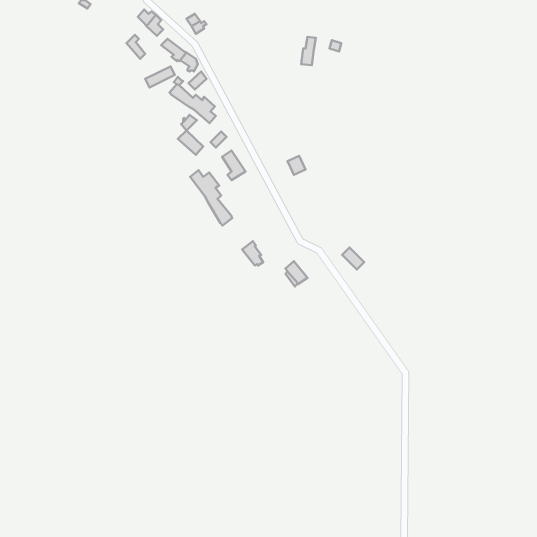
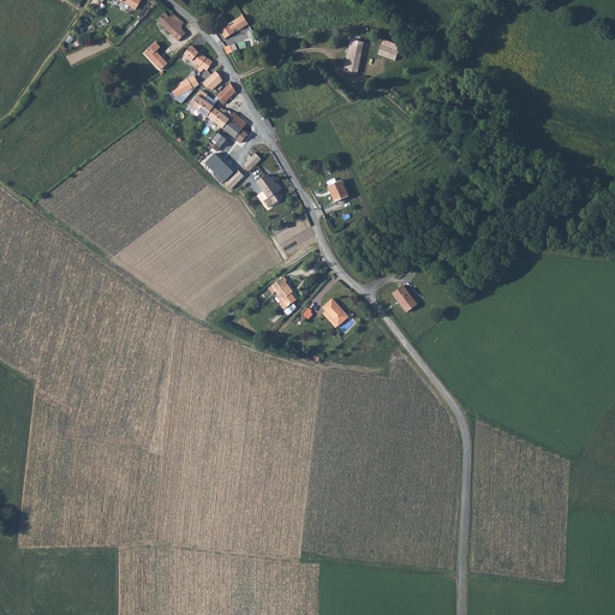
building: [190,170,232,226] -> none

